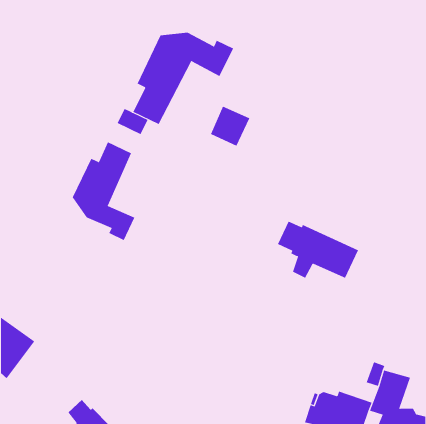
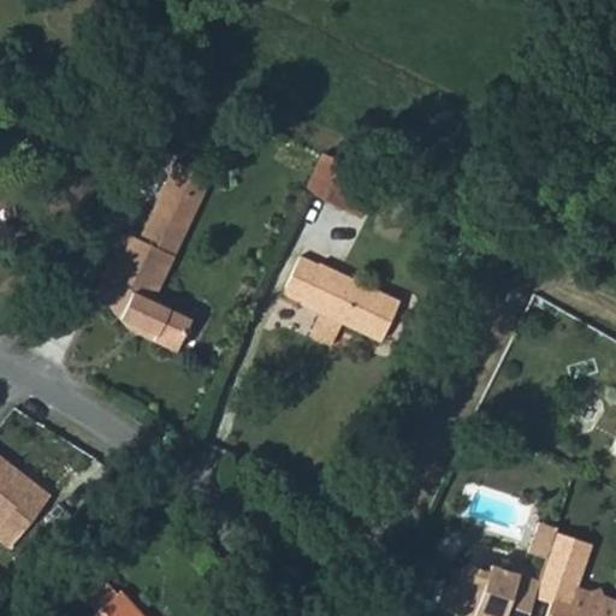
building: [132,32,234,125] -> none
building: none -> [155,180,203,224]
building: [277,221,359,278] -> [284,261,402,344]

